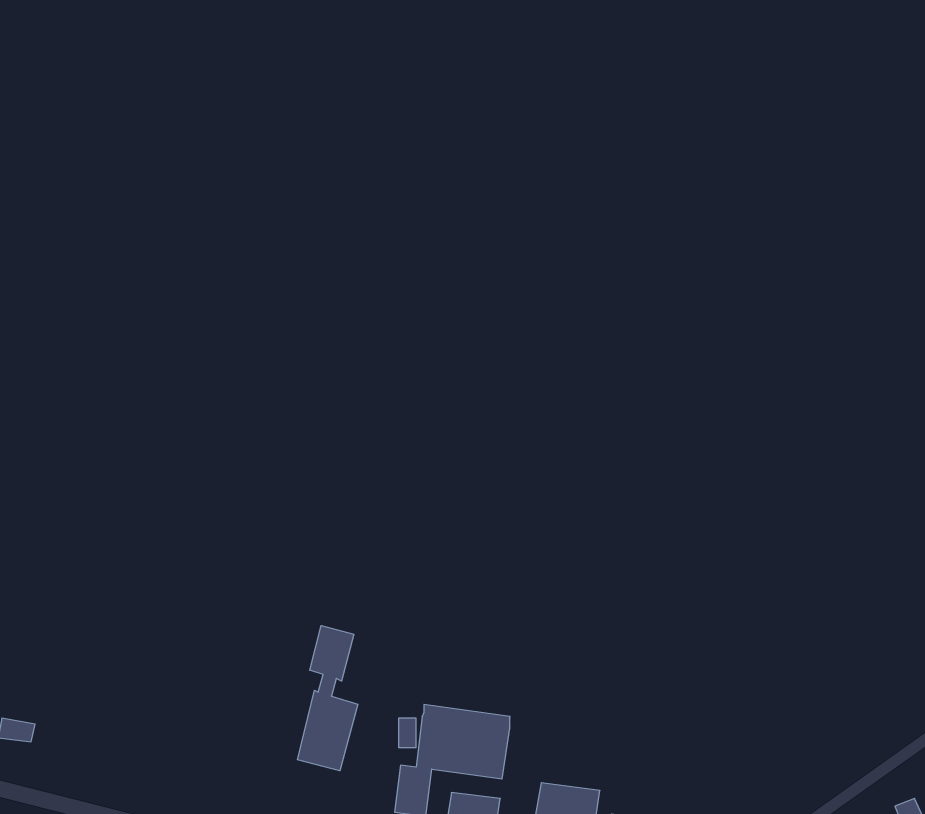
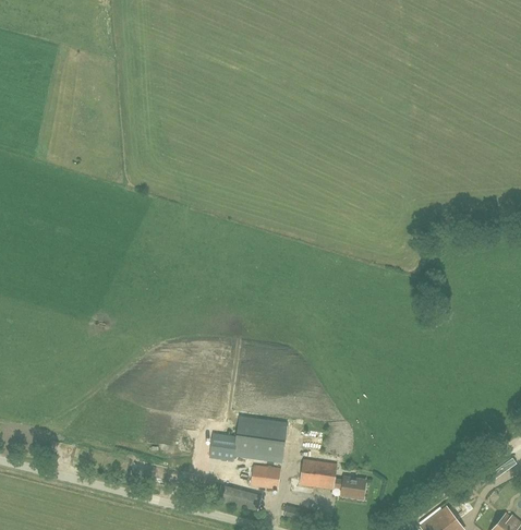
building: [298,626,358,771] -> none

